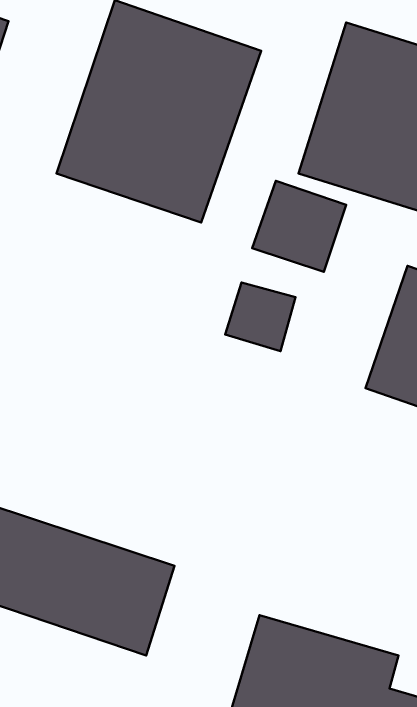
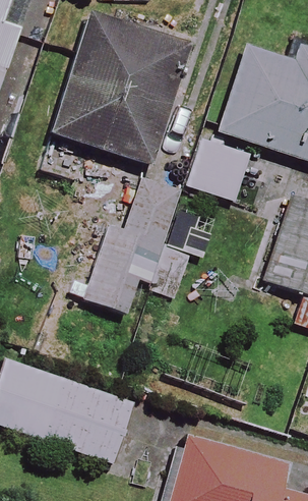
building: none -> [61,218,151,312]

